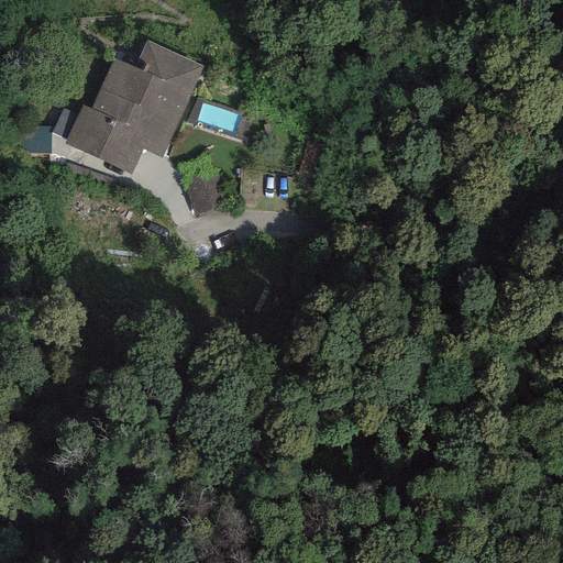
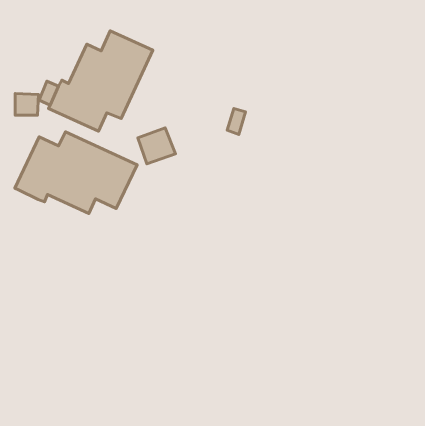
building: none -> [15,132,137,214]

